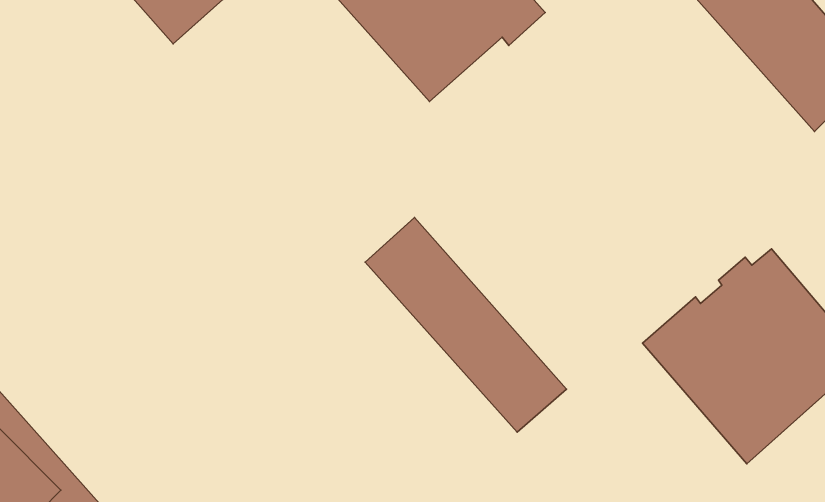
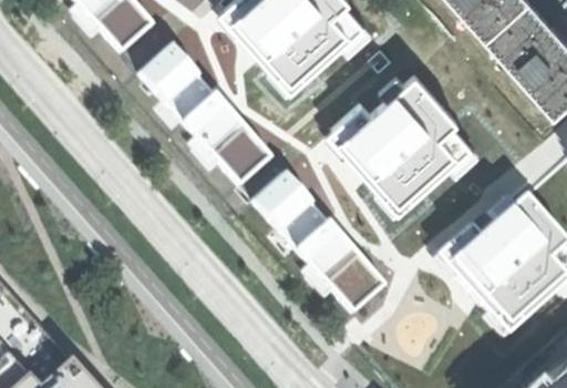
building: none -> [136,45,274,190]
building: none -> [326,72,481,219]

